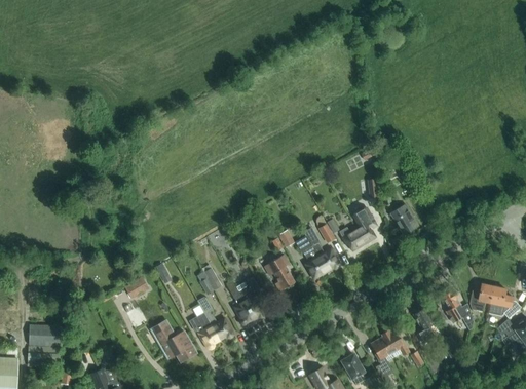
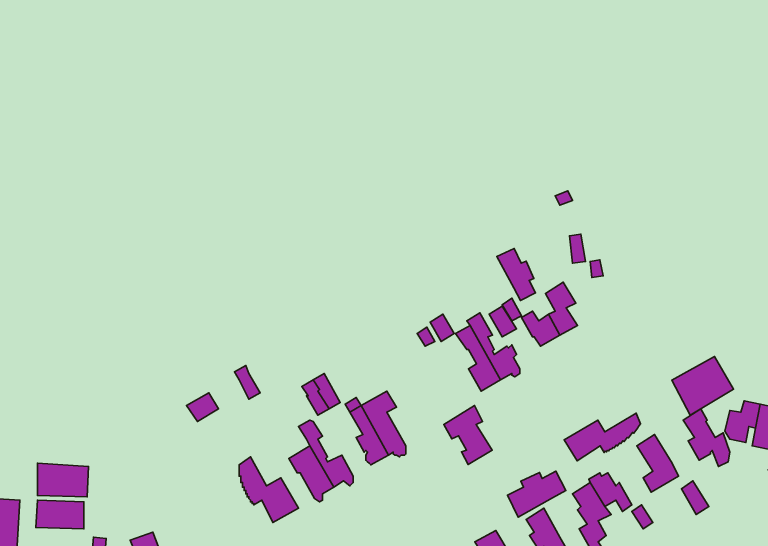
building: none -> [497,249,536,300]
building: [390,203,419,235] -> none
building: [264,254,295,291] -> [444,405,492,465]
building: none -> [672,357,734,415]
building: none -> [564,413,641,461]
building: none -> [508,471,566,517]

